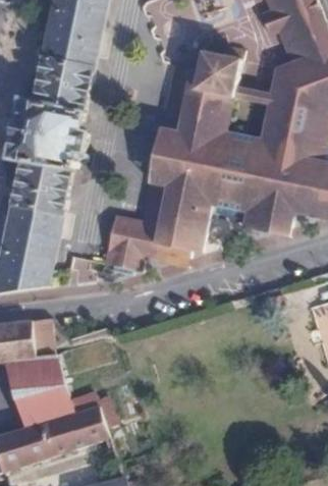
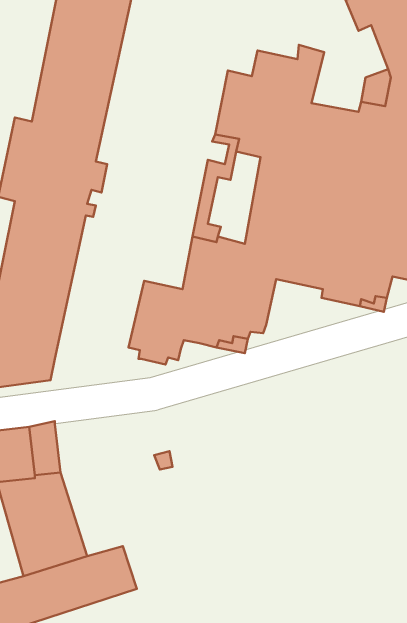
building: [159,122,197,188] -> none

